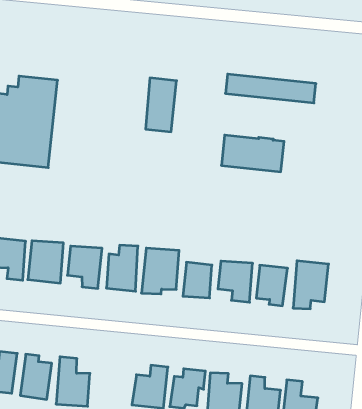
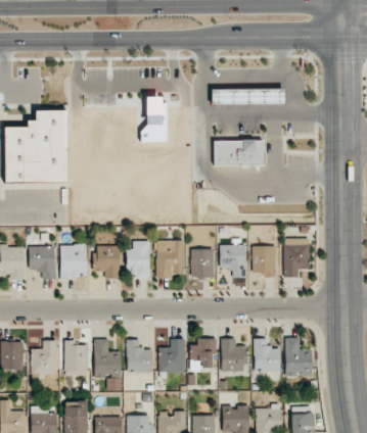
building: none -> [126,339,153,373]

